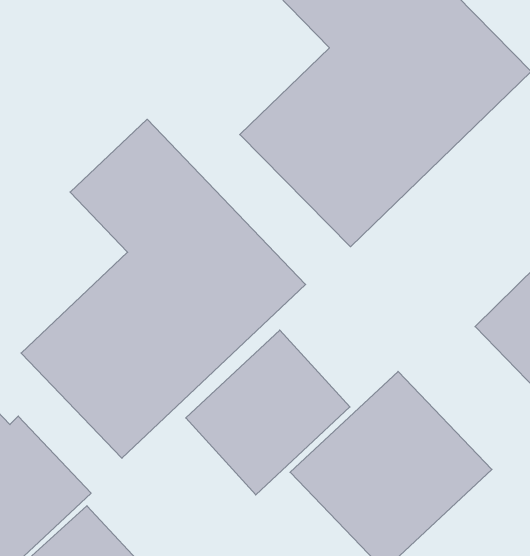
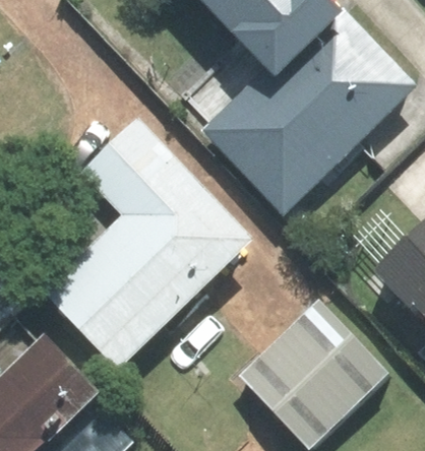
building: [186,330,350,495] -> none

